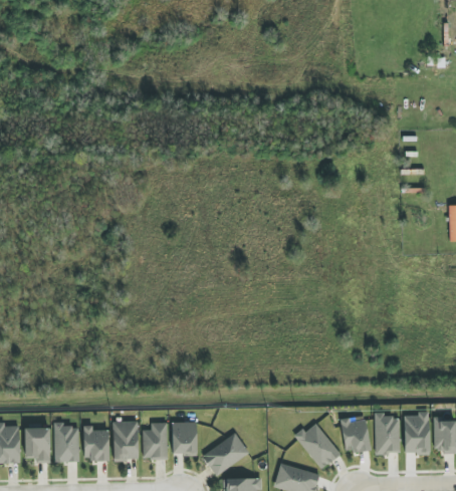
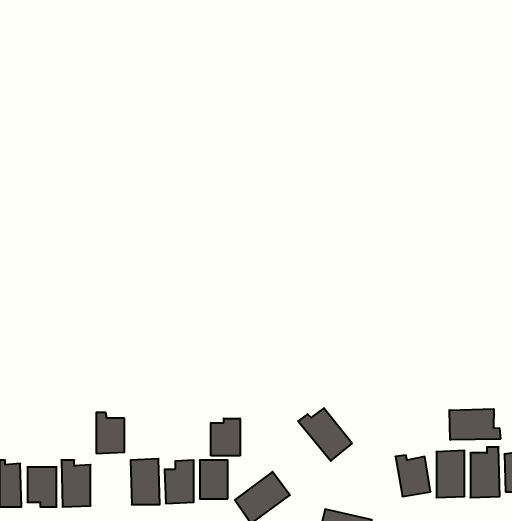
building: none -> [449,409,500,440]
building: none -> [211,418,240,456]
building: [293,424,339,469] -> [298,408,352,461]
building: [83,425,107,460] -> [96,412,124,453]

